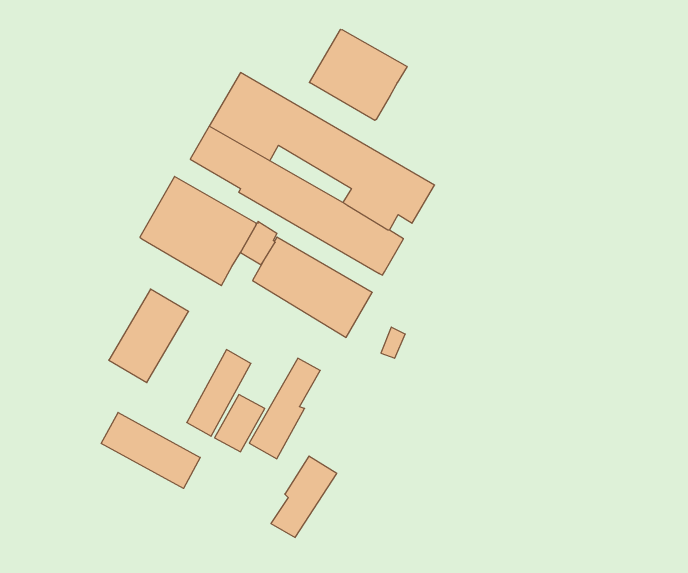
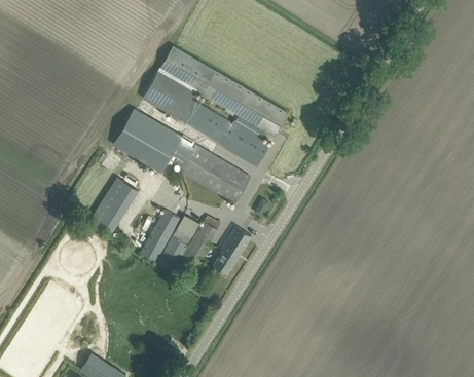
building: [309,29,407,120] -> none
building: none -> [172,215,198,243]
building: [101,412,200,488] -> none
building: [271,456,337,537] -> [212,225,251,273]

